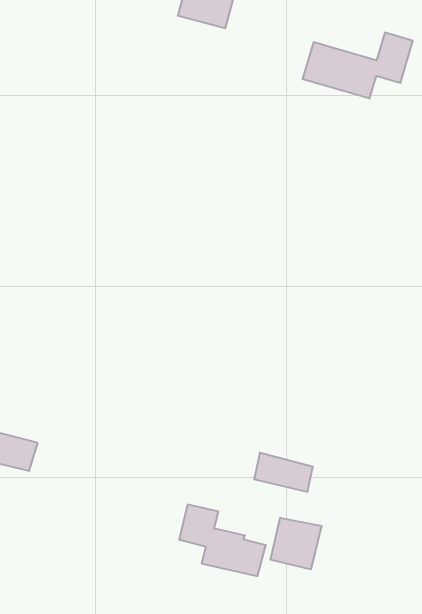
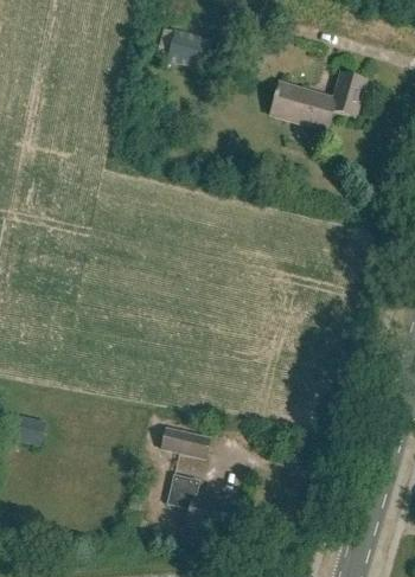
building: [254,453,313,492] -> [161,423,211,456]
building: [270,518,322,569] -> none

